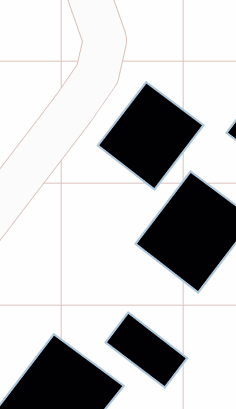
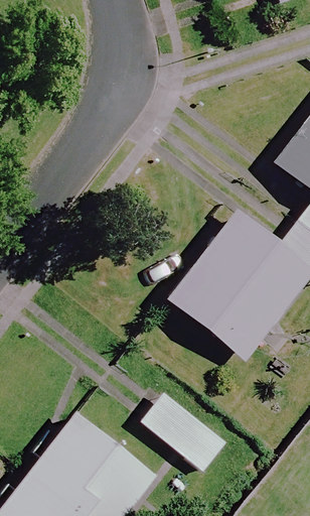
building: [98,82,203,189] -> none

